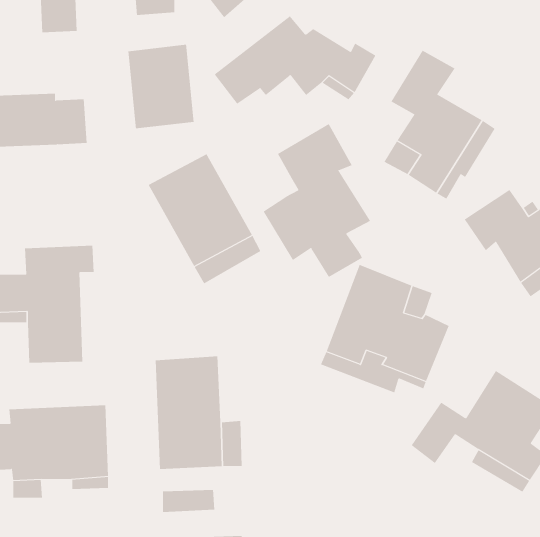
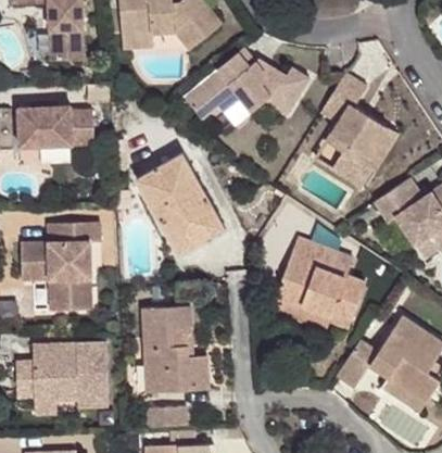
building: [128,44,194,129] -> none
building: [263,123,371,278] -> none

